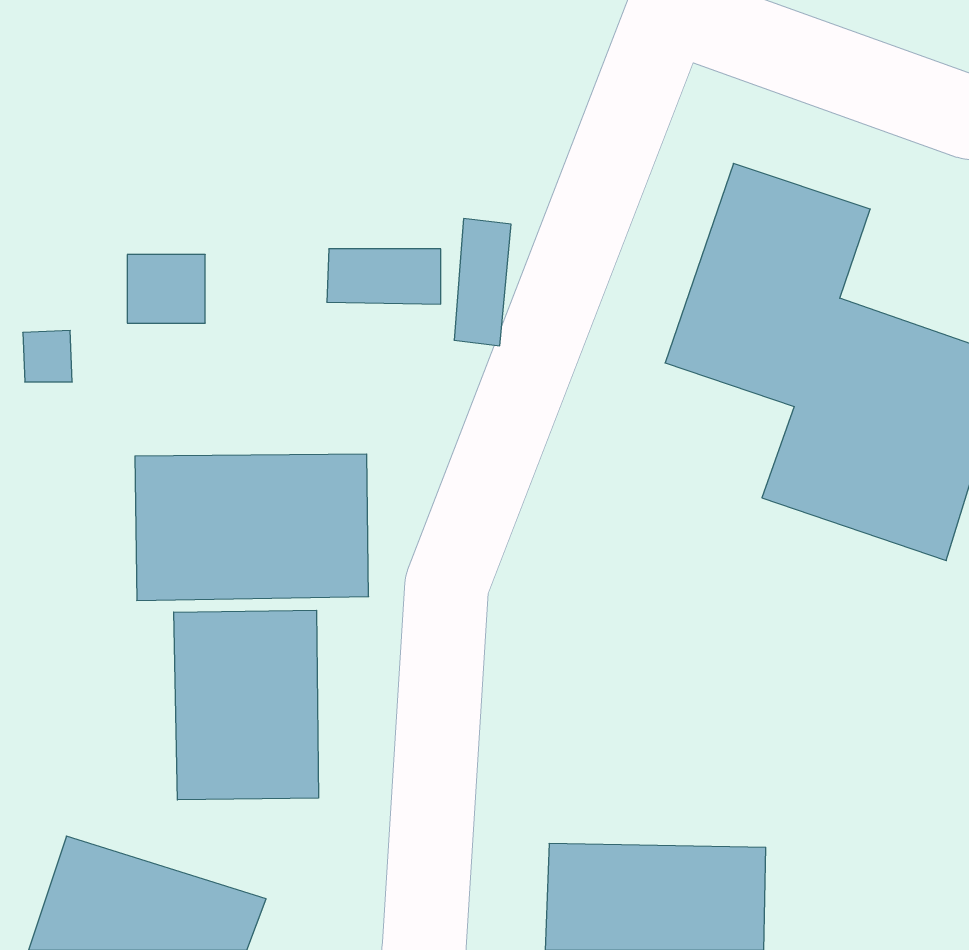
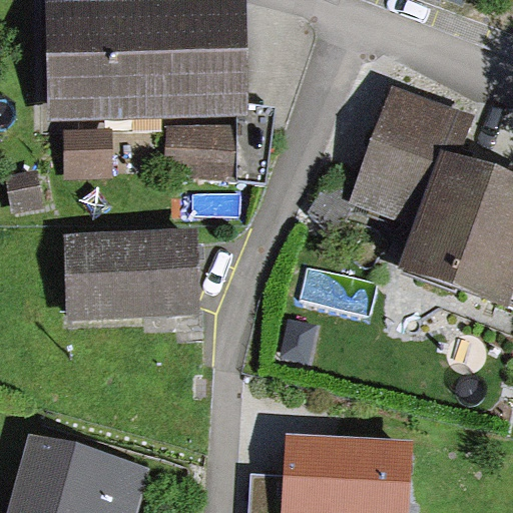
building: none -> [48,13,243,117]
building: [174,610,318,800] -> none

